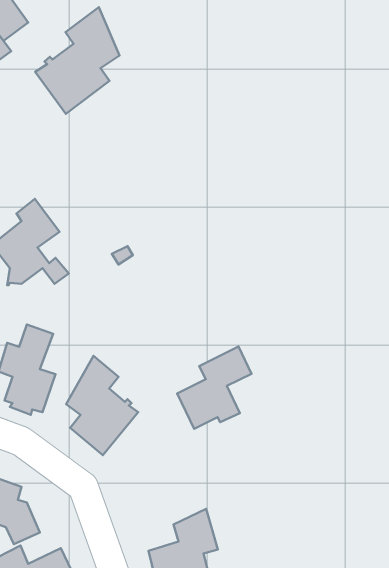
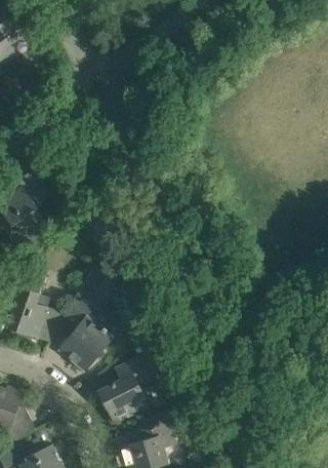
building: [35,7,119,114] -> none
building: [177,346,252,429] -> [99,354,158,419]

